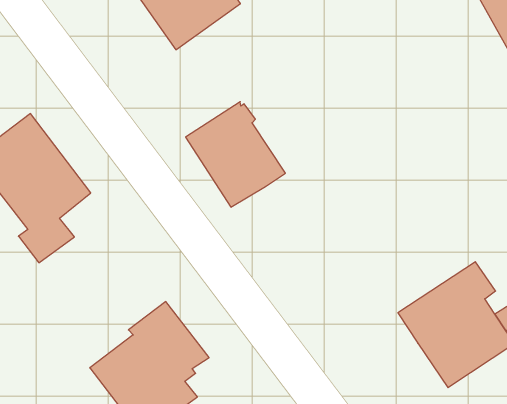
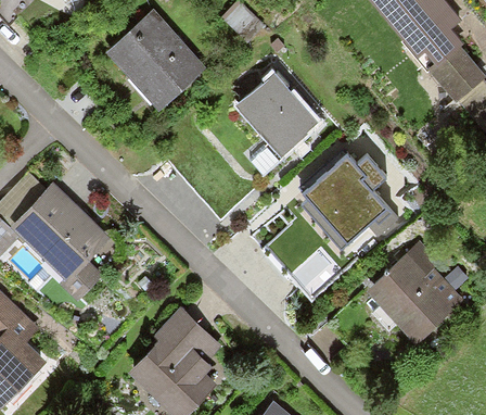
building: [186,102,285,207] -> [235,74,319,159]
building: none -> [300,154,399,249]

